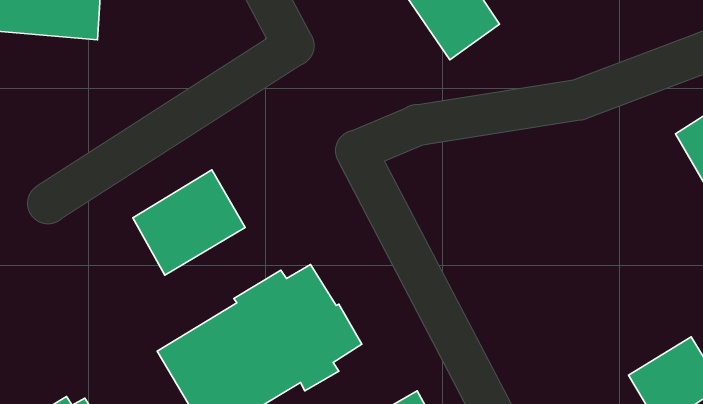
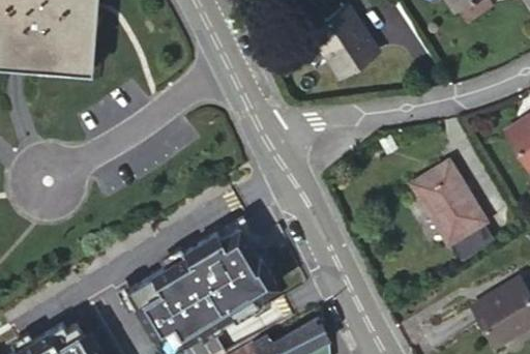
building: [133,170,245,275] -> none
building: none -> [414,163,493,260]

